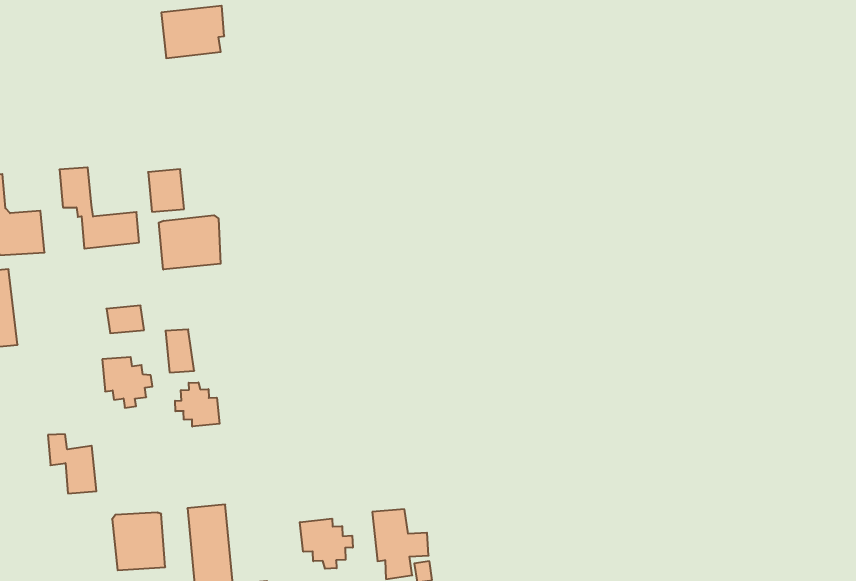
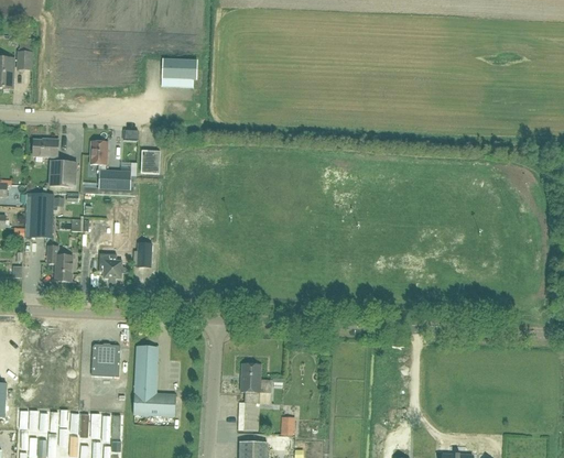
building: [159,215,221,270] -> none
building: [175,382,220,427] -> none
building: [48,434,96,493] -> [46,246,72,282]
building: [300,519,353,569] -> none

